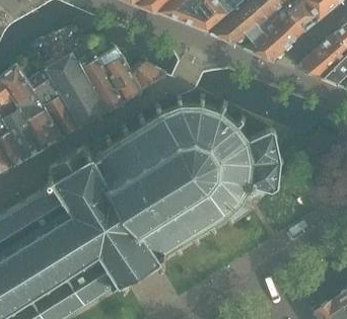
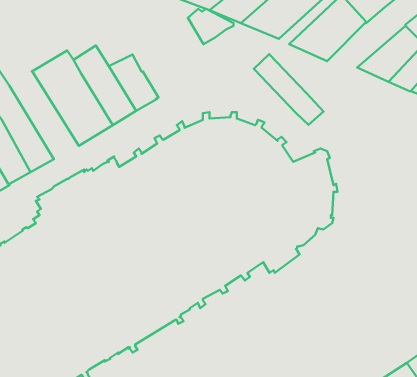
building: none -> [254,54,323,125]
building: [27,59,81,137] -> none
building: [131,62,166,89] -> [188,9,234,44]

